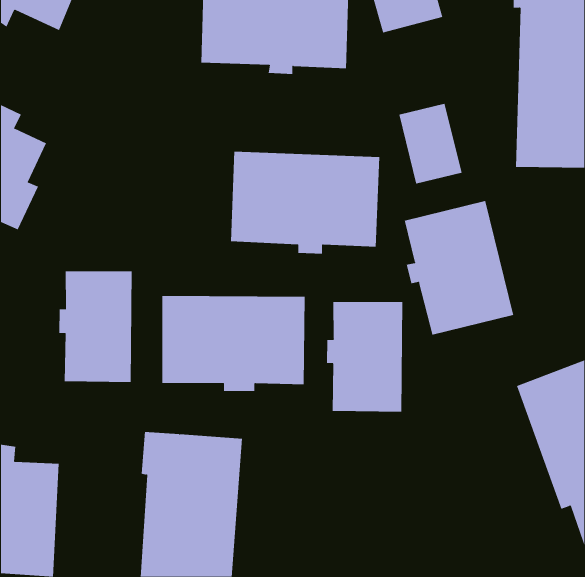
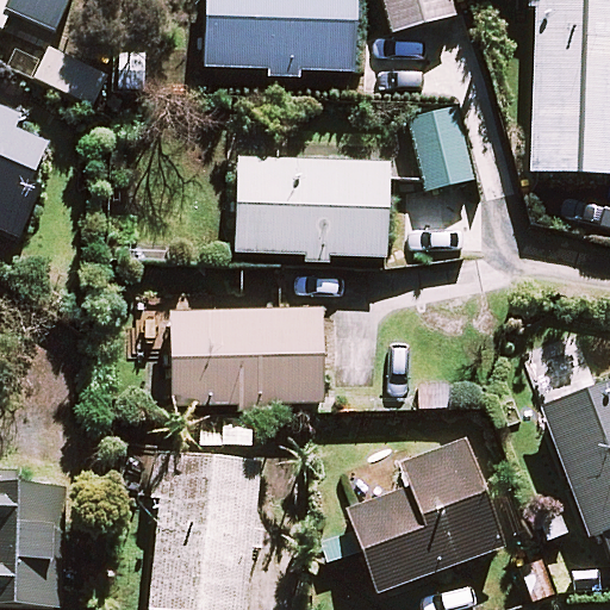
building: [404,200,514,335] -> none
building: [59,270,132,383] -> none
building: [326,301,403,413] -> none
building: none -> [349,444,502,584]

